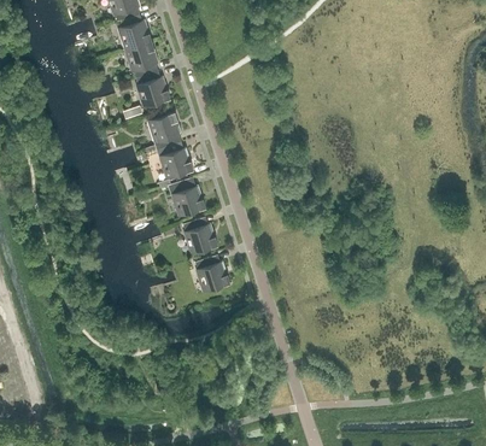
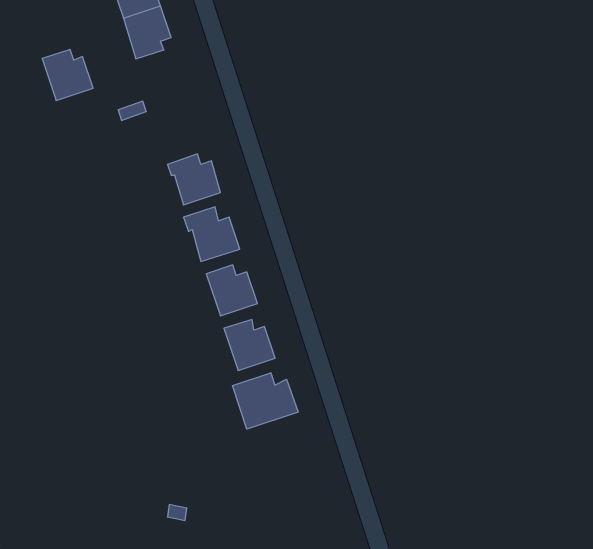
building: [134,71,169,106] -> [42,50,93,101]
building: [148,112,181,149] -> none
building: none -> [232,373,298,429]

